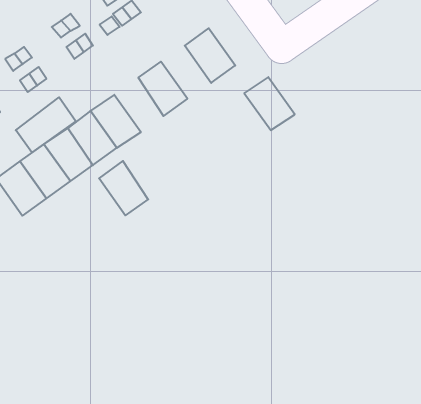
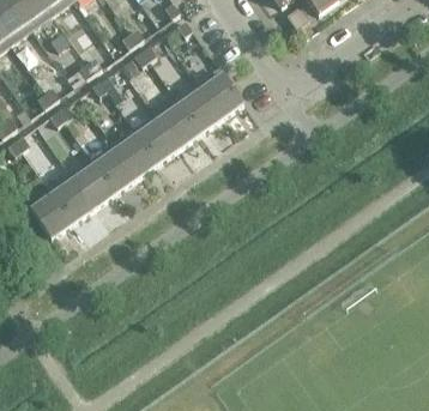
building: [244,77,295,130] -> [176,83,222,131]
building: [16,97,76,153] -> none
building: [99,161,148,215] -> [134,111,179,161]

